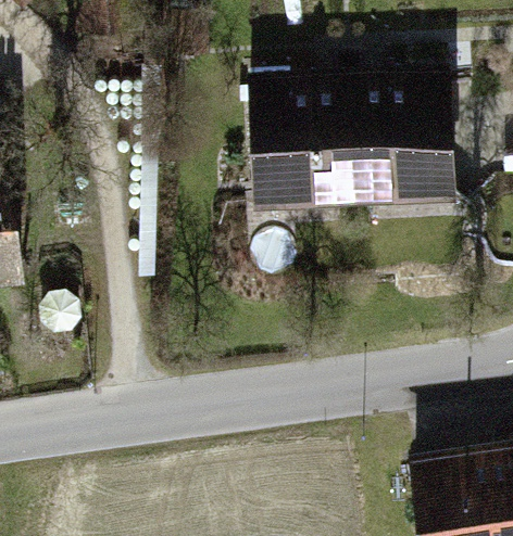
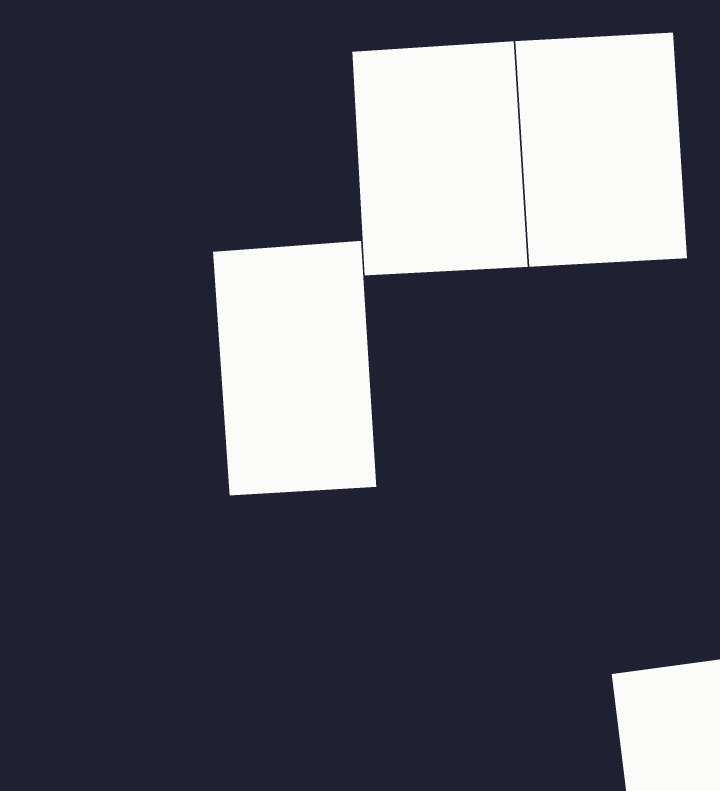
building: none -> [212,240,377,496]

